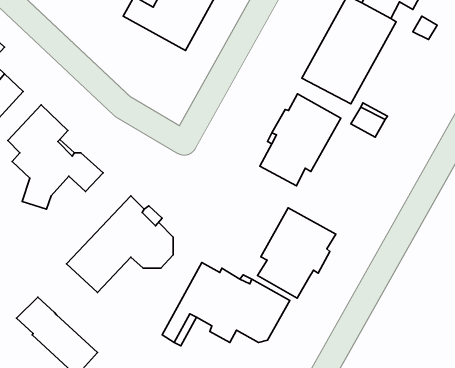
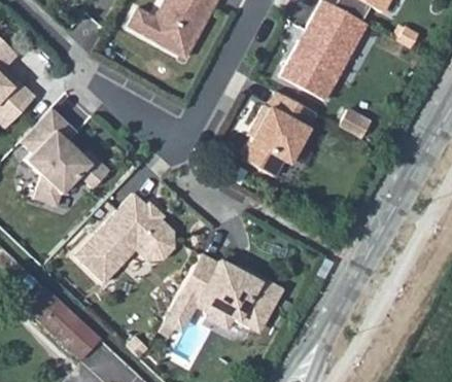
building: [257,208,336,298] -> none

